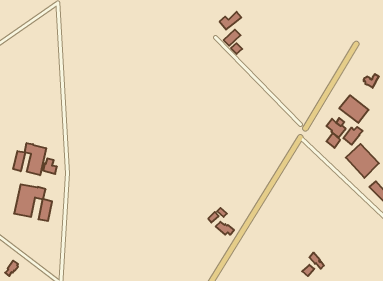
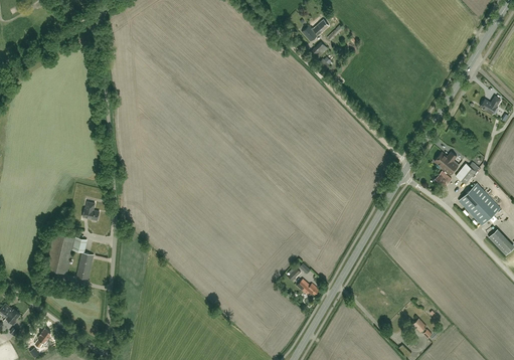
building: [339,95,369,123] -> none
building: [13,143,46,175] -> none

